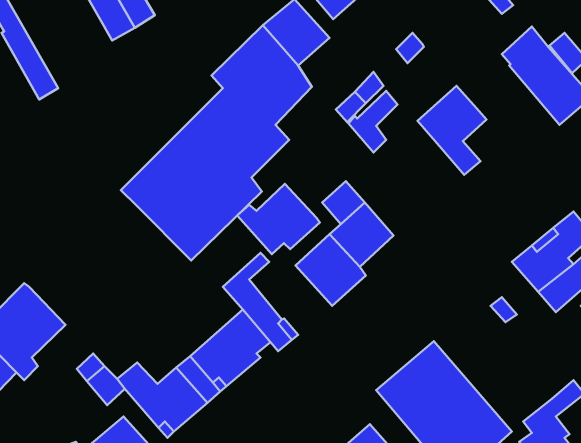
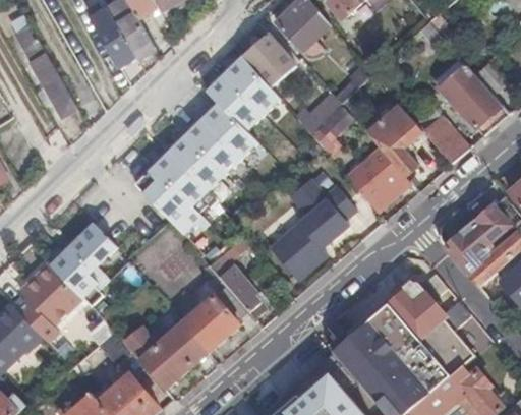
building: none -> [414,106,467,162]
building: none -> [347,147,408,208]
building: [237,184,320,254] -> none
building: none -> [52,225,118,296]
building: none -> [380,281,475,382]

